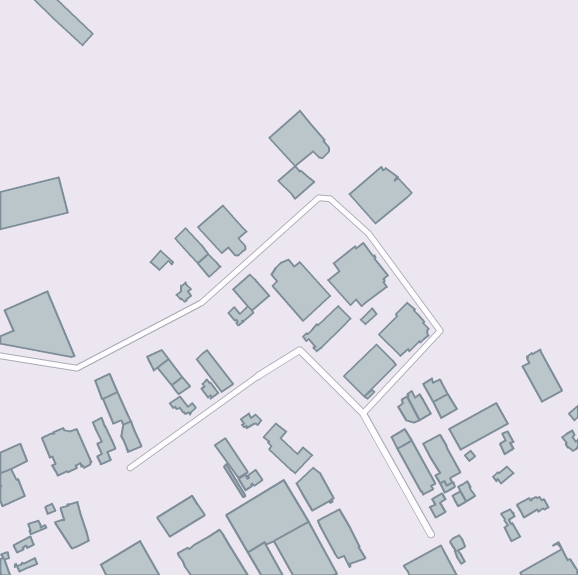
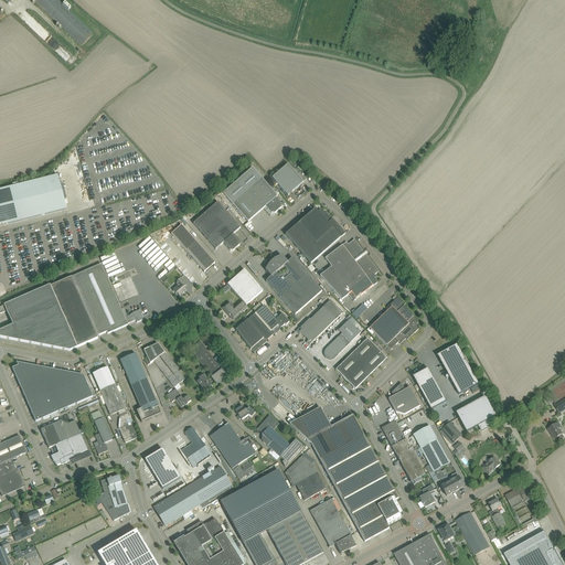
building: [269,111,329,166] -> [223,166,281,220]
building: [349,167,412,223] -> [285,206,345,262]
building: none -> [46,263,145,348]
building: none -> [235,303,289,350]
building: none -> [324,319,361,359]
building: [522,350,562,402] -> [439,342,478,393]
building: none -> [120,352,161,420]
building: none -> [12,361,93,420]
building: none -> [289,406,404,540]
building: none -> [220,423,256,461]
building: none -> [182,426,211,466]
building: none -> [145,447,180,488]
building: none -> [188,465,233,507]
building: [55,502,89,548] -> [97,473,130,519]
building: none -> [456,511,490,553]

